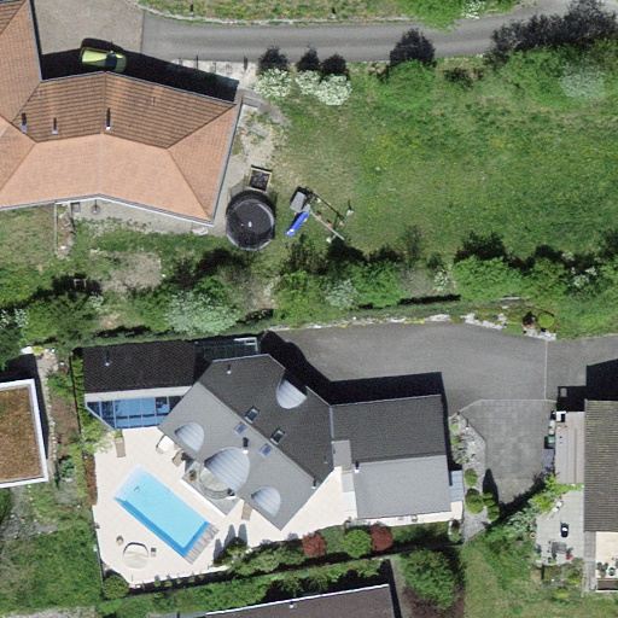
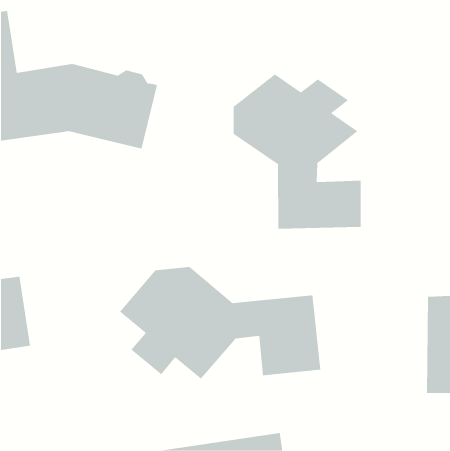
building: none -> [233,74,361,230]

